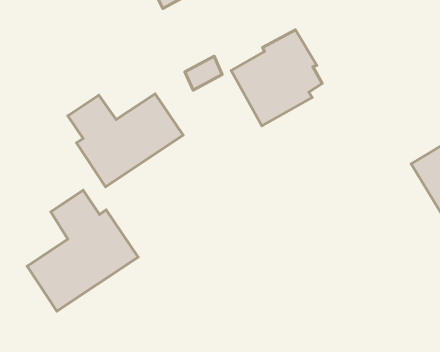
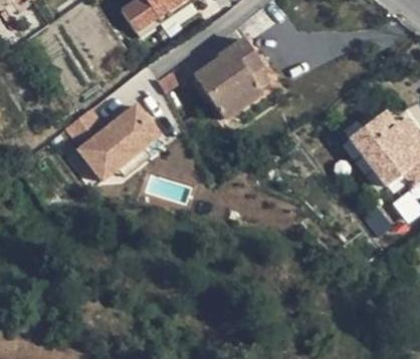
building: [27,190,138,311] -> none

